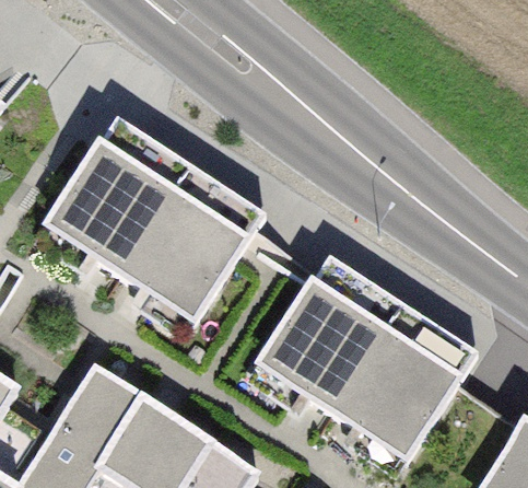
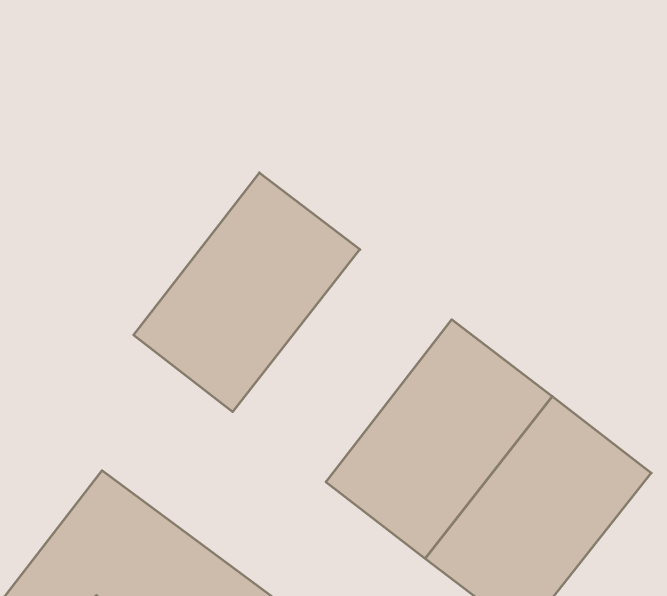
building: [40,116,191,282] -> none

